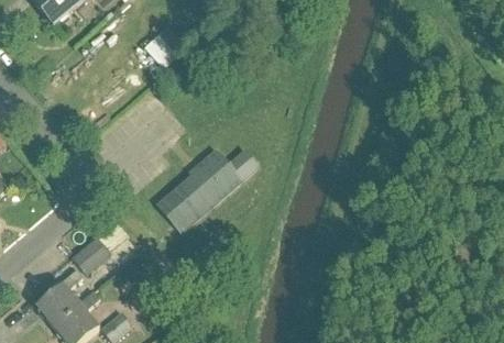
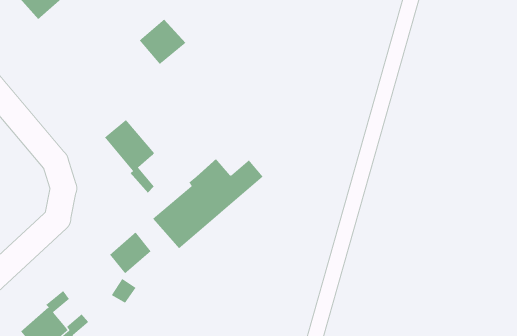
building: none -> [104,119,155,193]
building: [72,235,110,274] -> [109,232,152,274]

